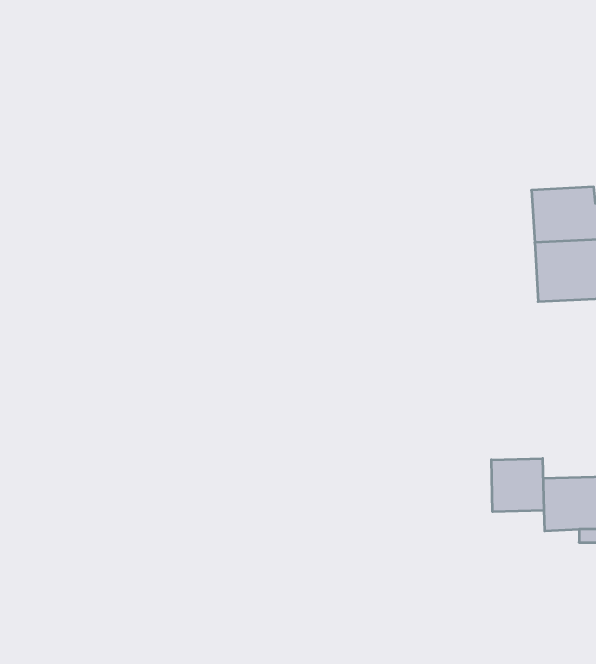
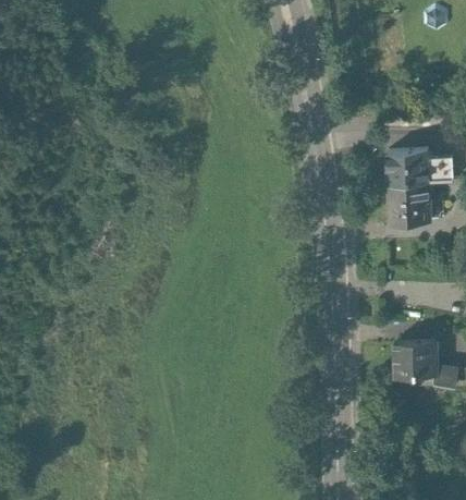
building: [491,458,544,512] -> none

